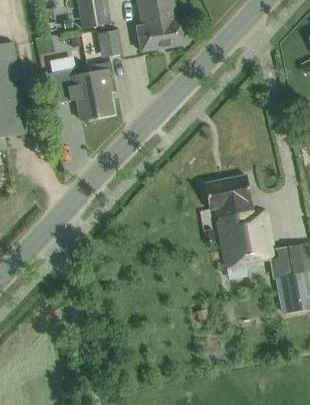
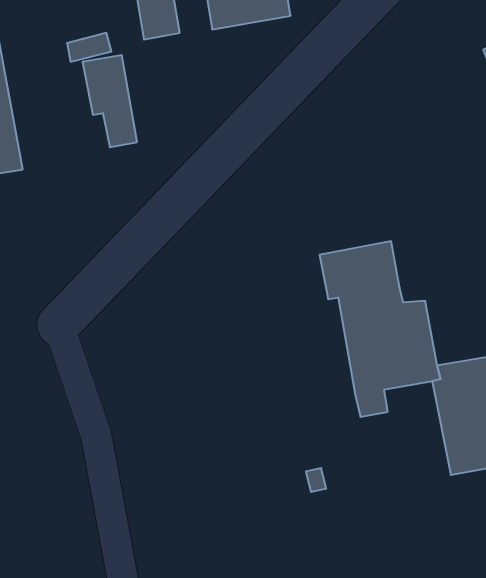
building: [87,61,116,116] -> none

